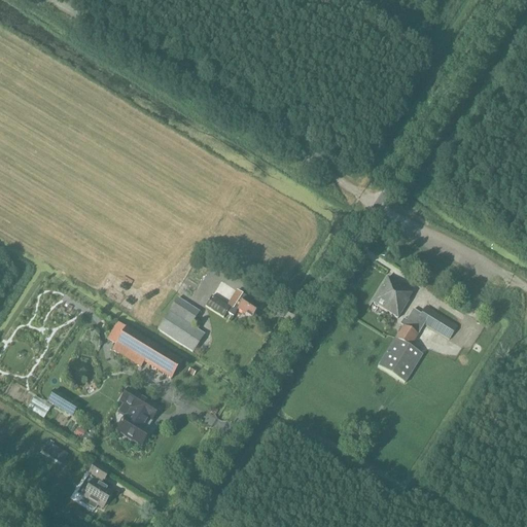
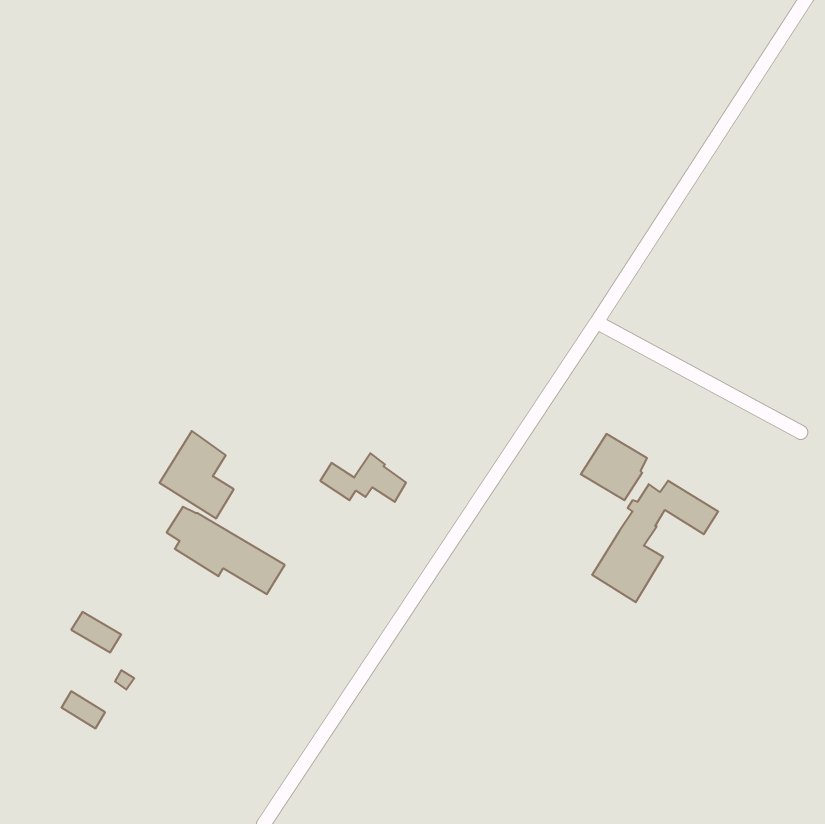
building: [156,296,204,352] -> [159,431,234,518]
building: [116,388,159,445] -> none
building: [81,462,112,508] -> none

